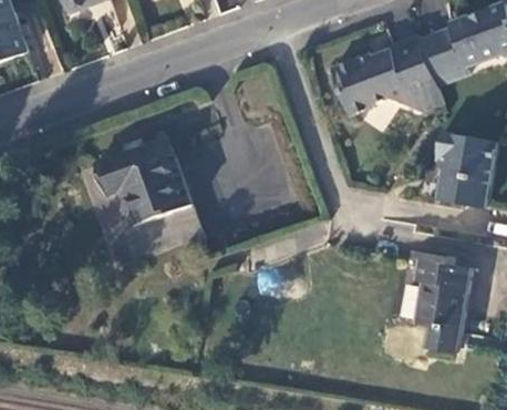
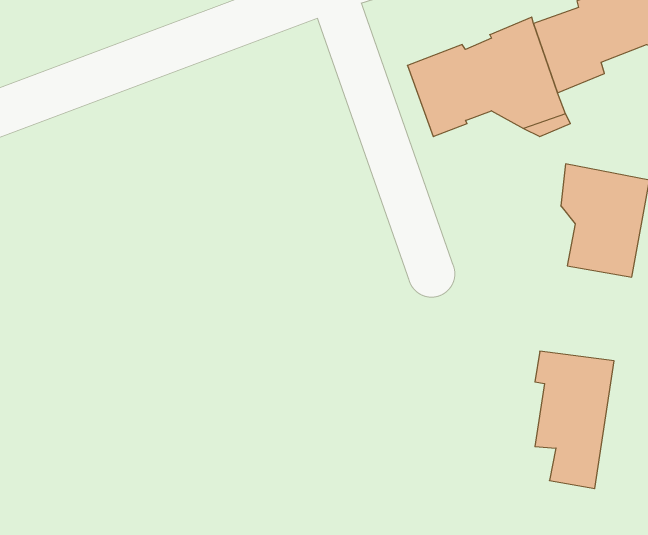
building: [77,139,203,268] -> none

